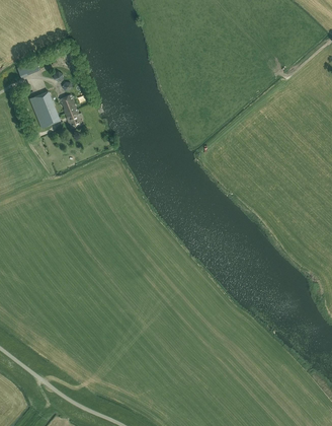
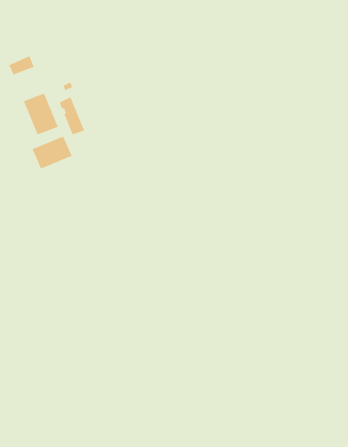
building: none -> [31,135,73,170]

